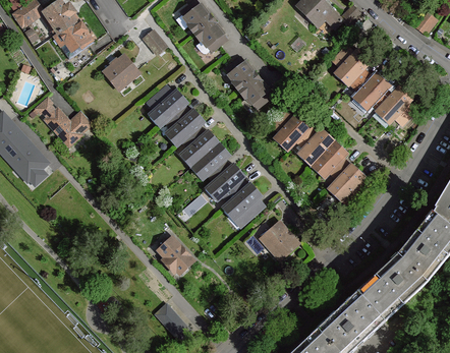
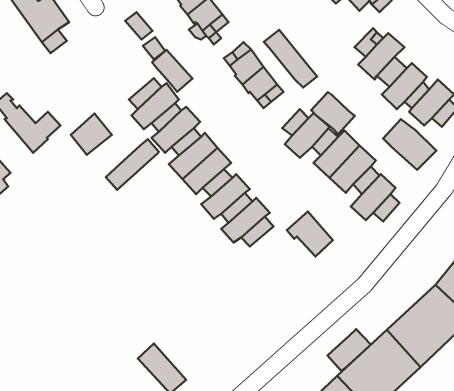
building: none -> [264,30,317,88]
building: [104,53,137,86] -> [71,114,112,155]
building: none -> [152,50,192,92]
building: none -> [311,92,355,134]
building: none -> [383,119,436,170]
building: none -> [106,139,159,190]
building: [261,221,298,257] -> [287,212,333,256]
building: [159,237,192,271] -> none
building: none -> [328,329,371,371]

